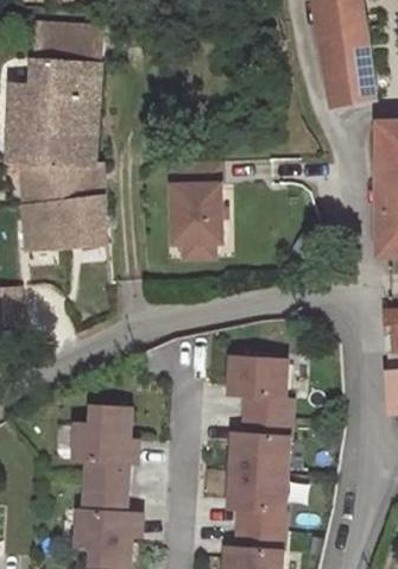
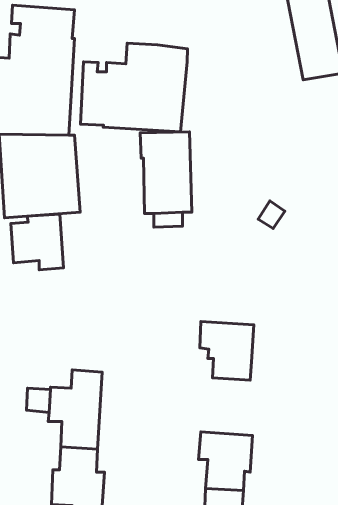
building: none -> [81,43,188,132]
building: none -> [11,214,64,270]
building: [232,415,288,474] -> none

